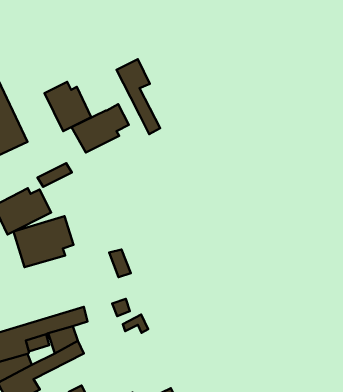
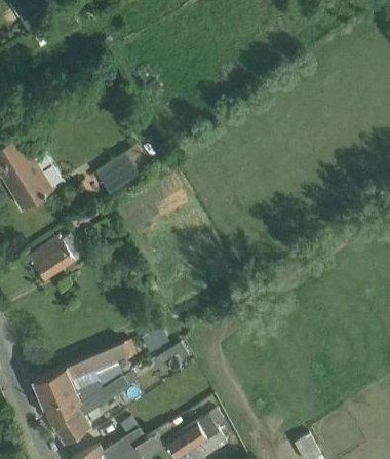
building: [116,59,160,134] -> none
building: [45,82,91,131] -> none
building: [13,216,73,267] -> none

